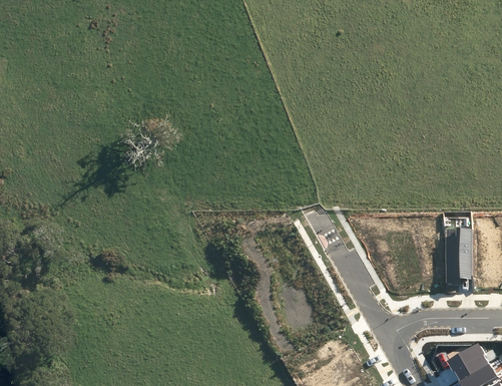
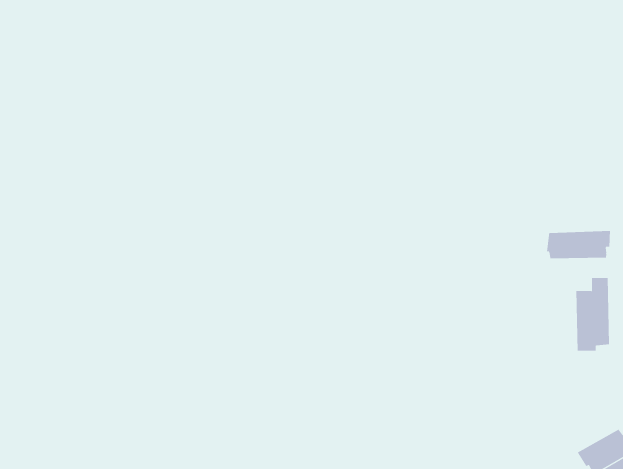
building: none -> [546,230,610,259]

